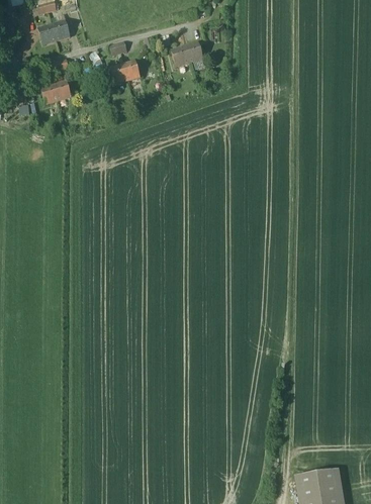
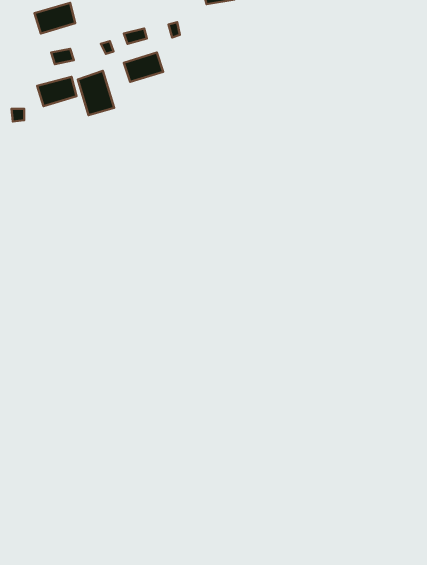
building: [172,43,203,67] -> none
building: none -> [78,71,114,115]

